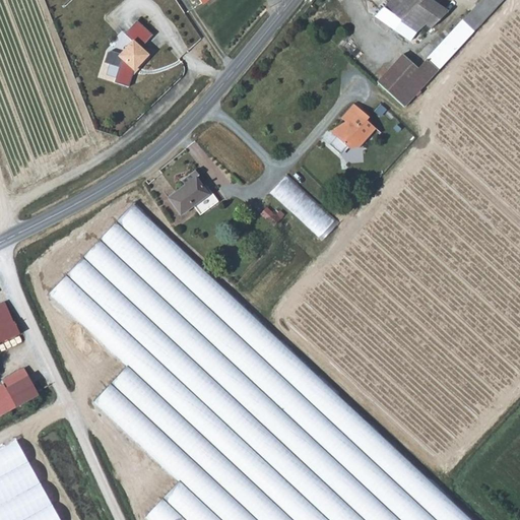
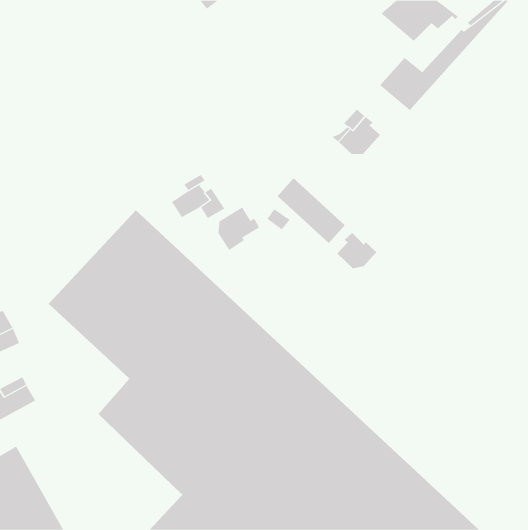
building: [100,20,153,87] -> none
building: none -> [218,207,260,251]
building: none -> [336,232,377,269]

